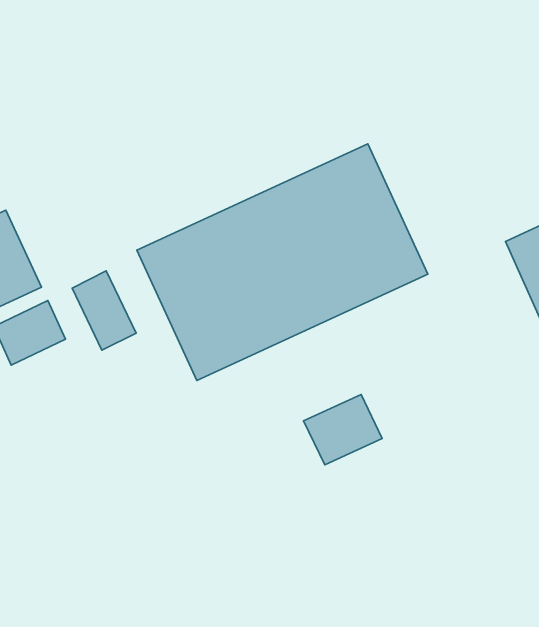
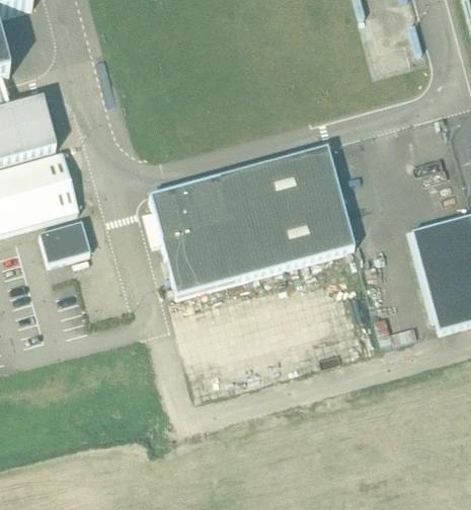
building: [72,271,136,350] -> none
building: [304,395,382,465] -> none

